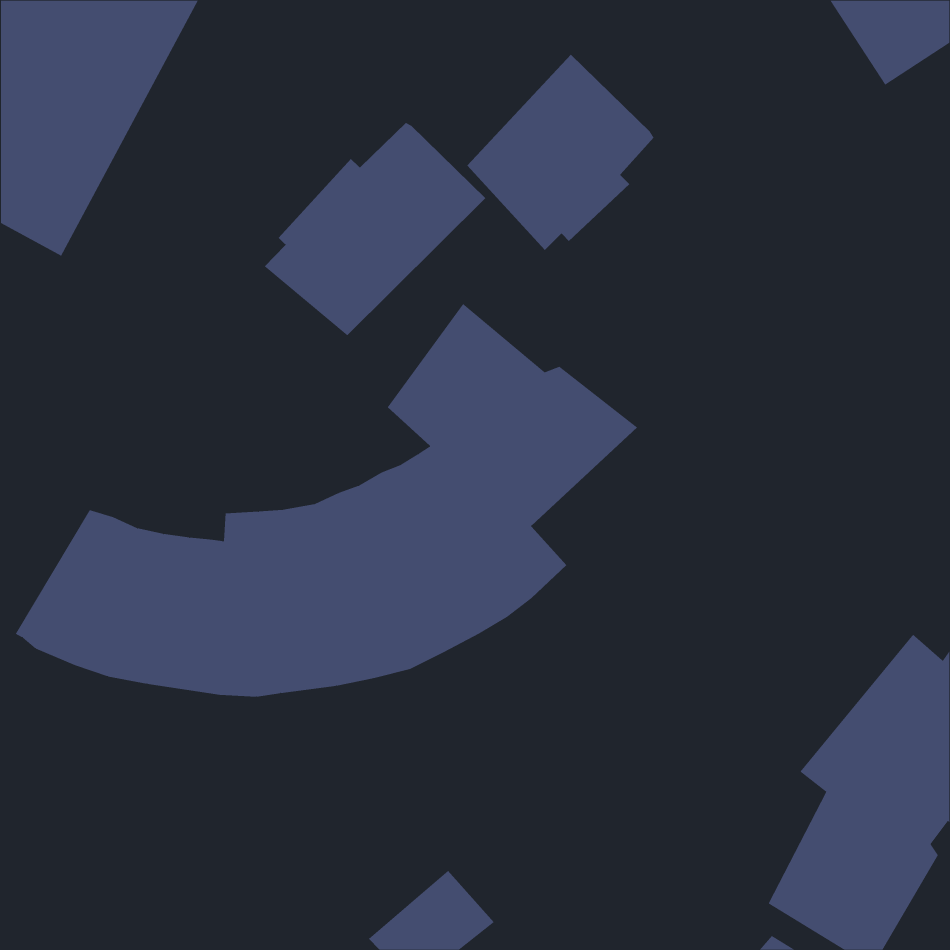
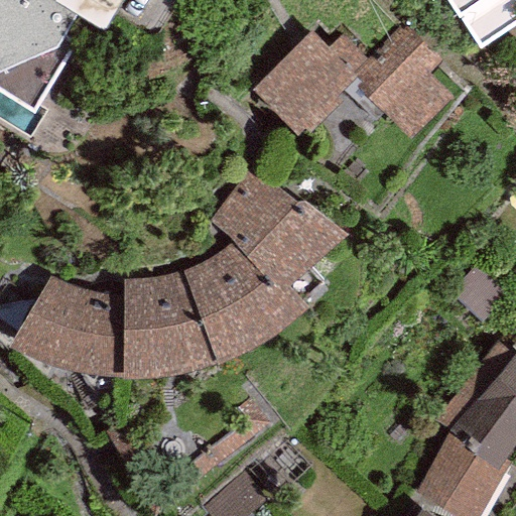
building: none -> [353,22,453,139]
building: [264,122,486,336] -> none

